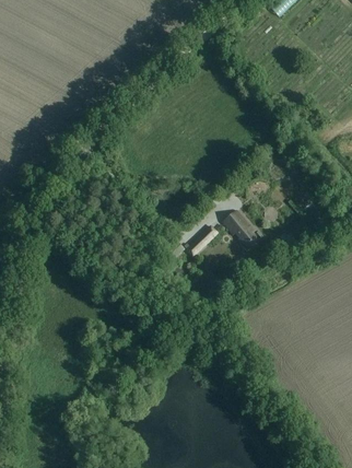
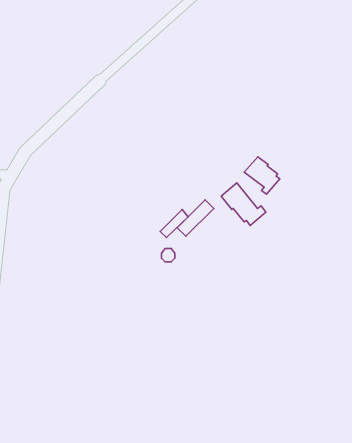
building: none -> [244,157,280,194]

